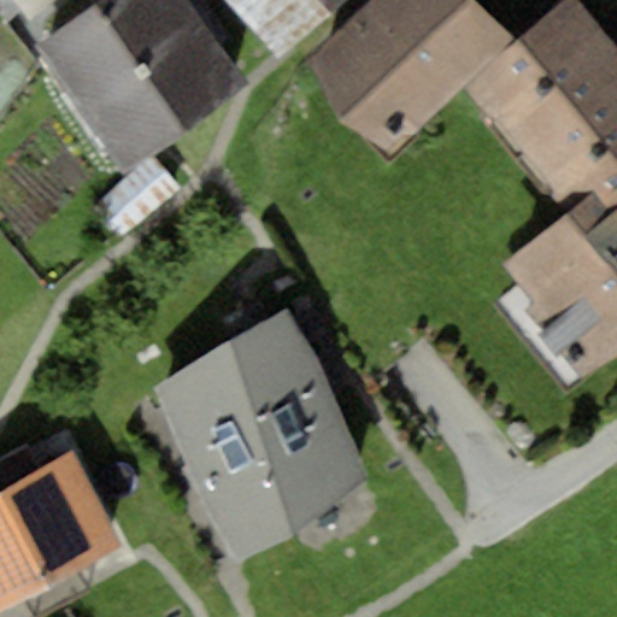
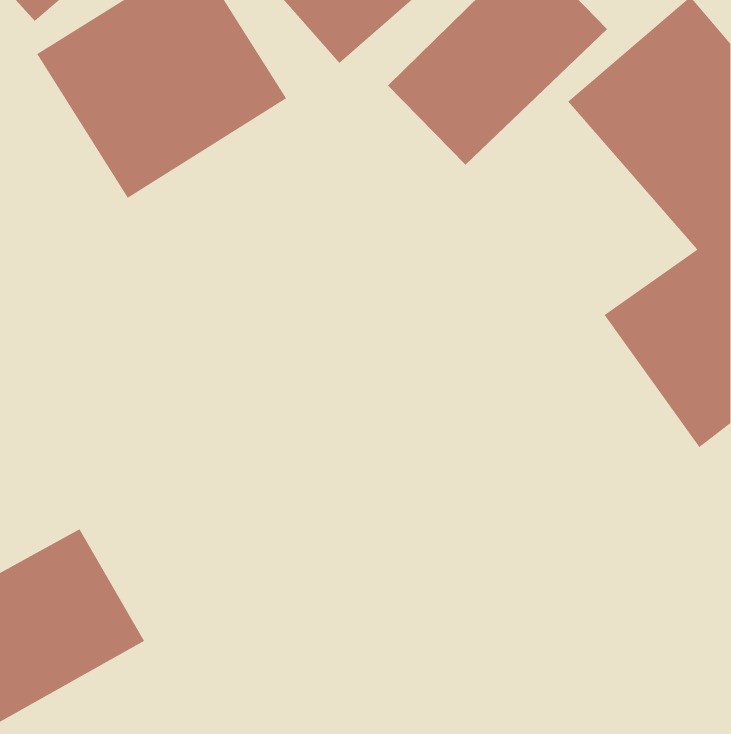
building: [153,319,378,553] -> none

